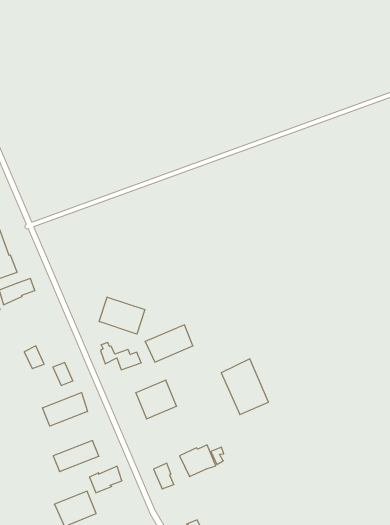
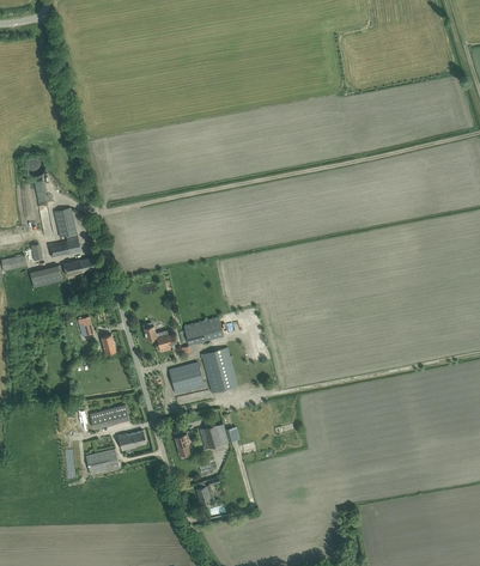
building: [99,297,145,334] -> none
building: [221,359,269,415] -> [201,346,238,392]
building: [43,393,87,426] -> none

